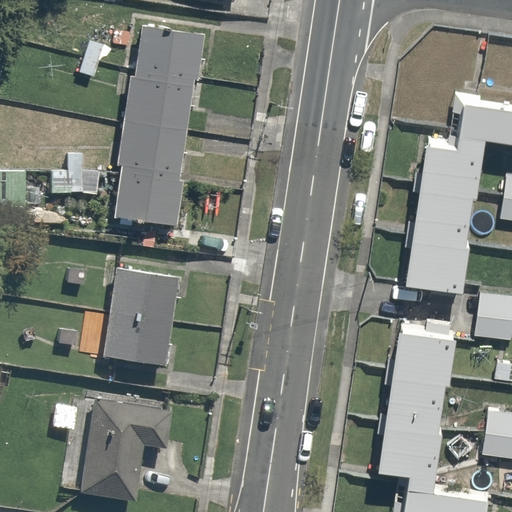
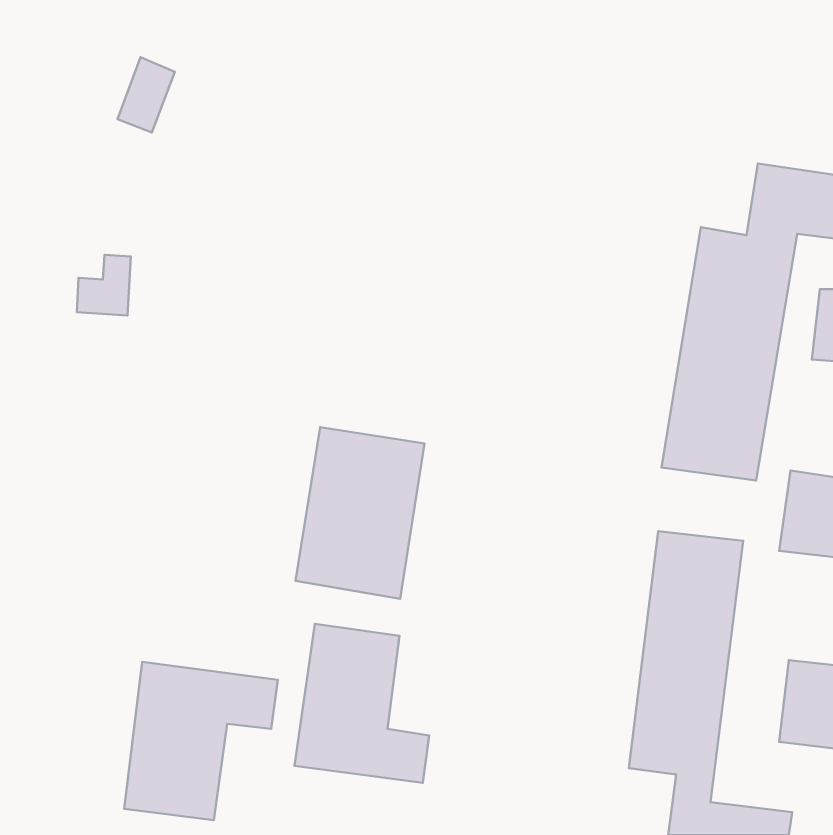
building: [112,24,198,228] -> none
building: [97,263,176,368] -> [296,427,425,599]
building: none -> [295,624,429,783]

